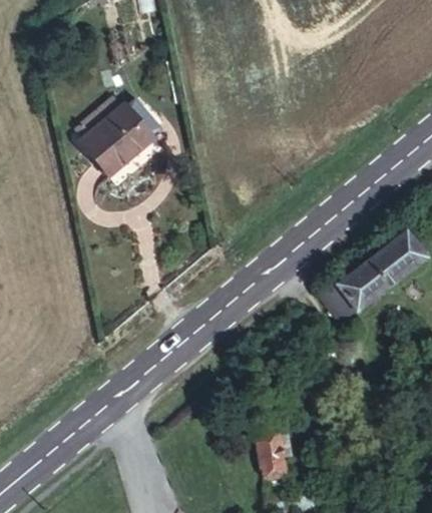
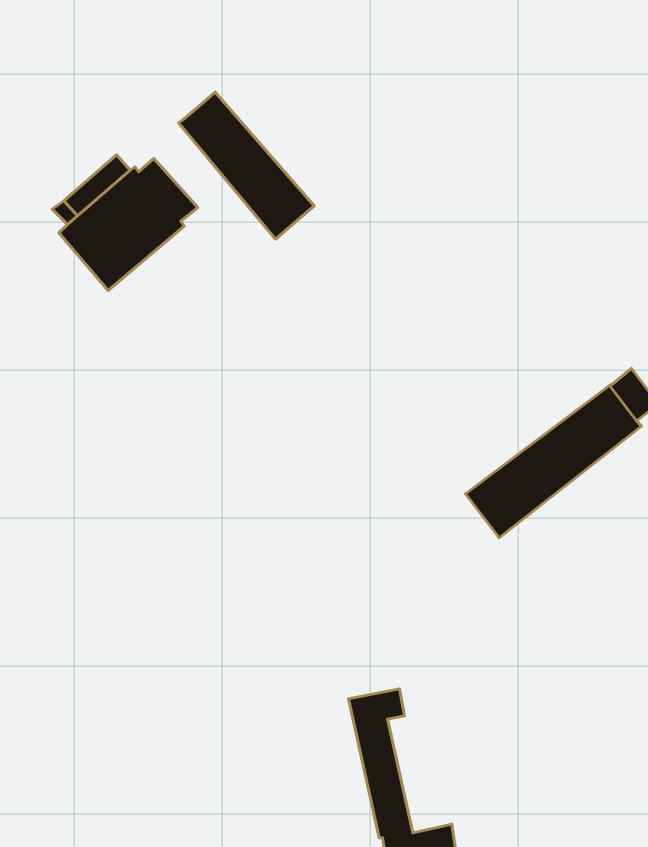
building: none -> [178,92,314,239]

